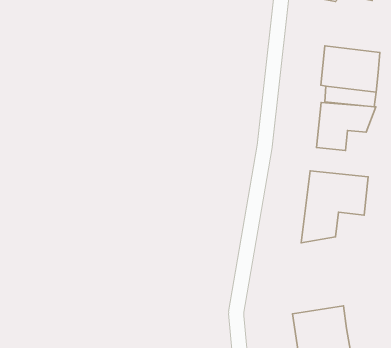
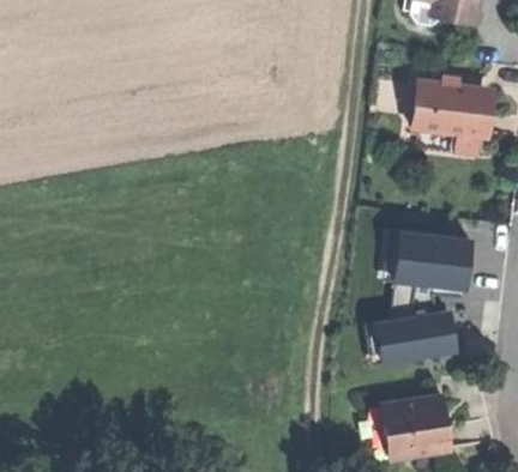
building: [317,103,376,150] -> none
building: none -> [375,309,459,364]

